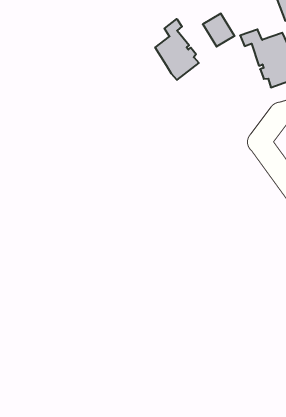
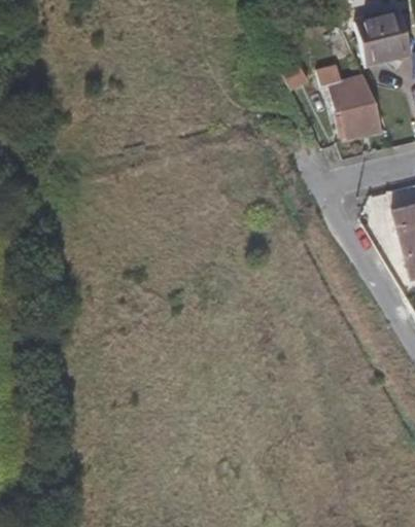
building: [155,19,199,80] -> none

